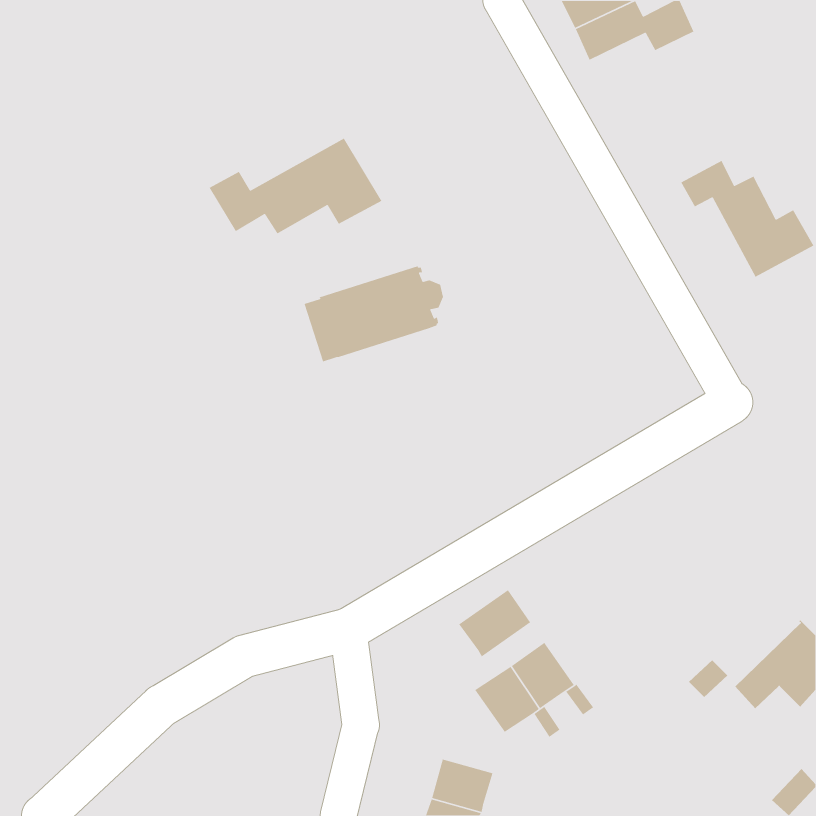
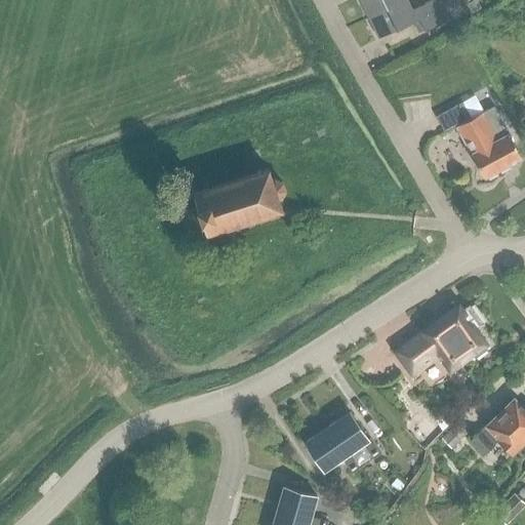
building: [209,138,382,235] -> none
building: none -> [397,305,487,374]
building: [458,589,531,657] -> none

